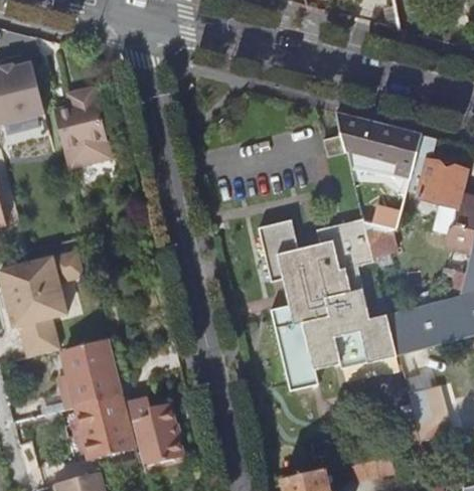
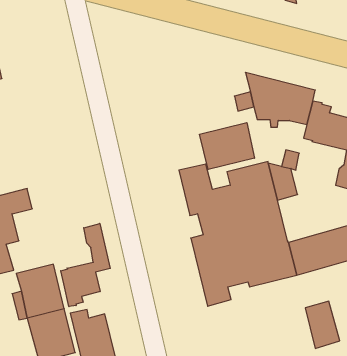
building: [55,85,112,166] -> none
building: none -> [200,123,254,169]
building: none -> [61,223,110,307]

